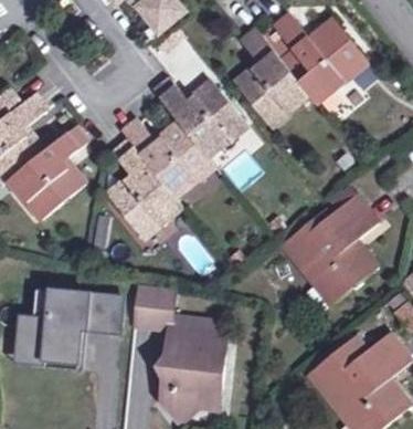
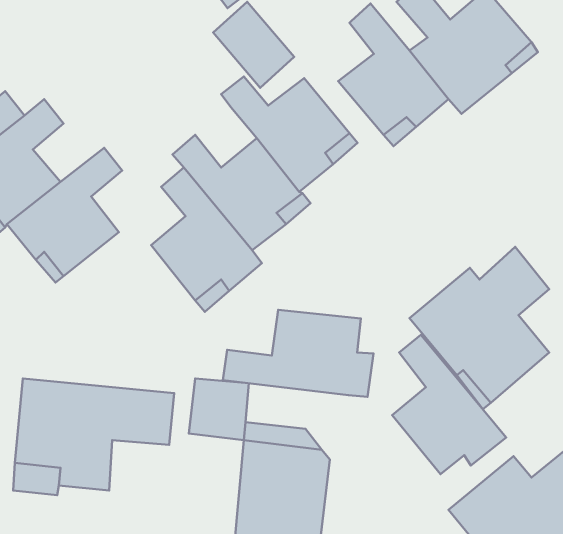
building: none -> [223,310,373,397]
building: none -> [392,335,506,474]

